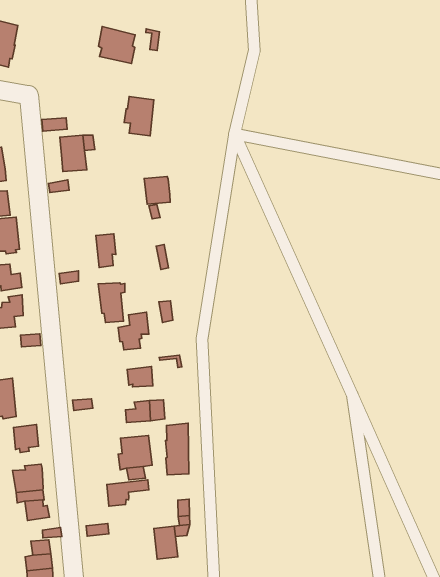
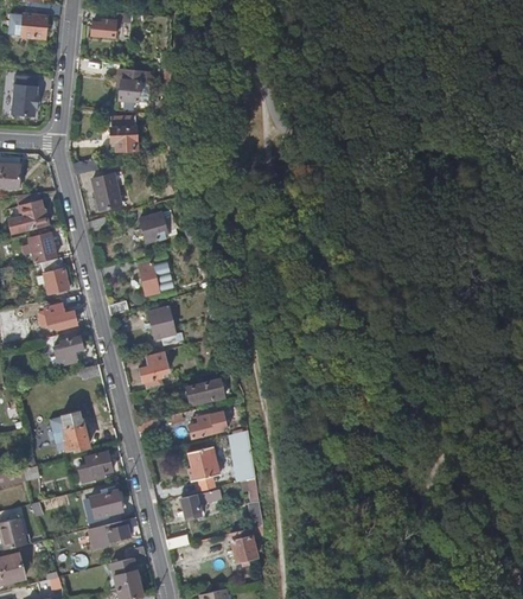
building: [124,97,154,136] -> [111,115,138,149]
building: [144,176,170,204] -> [140,212,167,241]
building: [118,312,149,350] -> [139,350,168,388]

